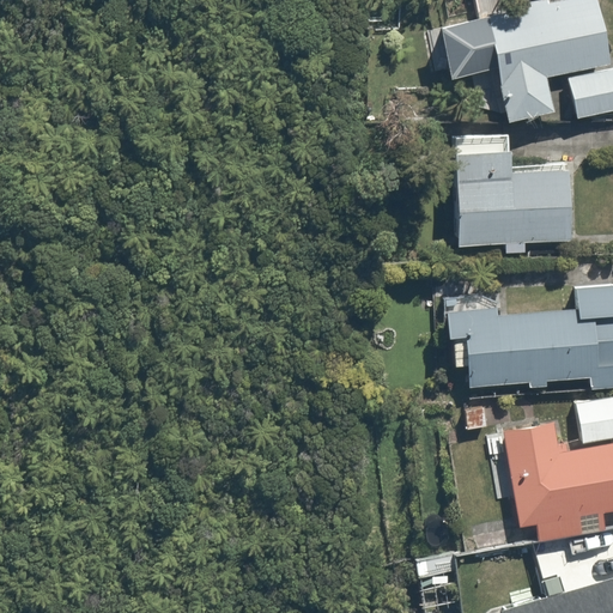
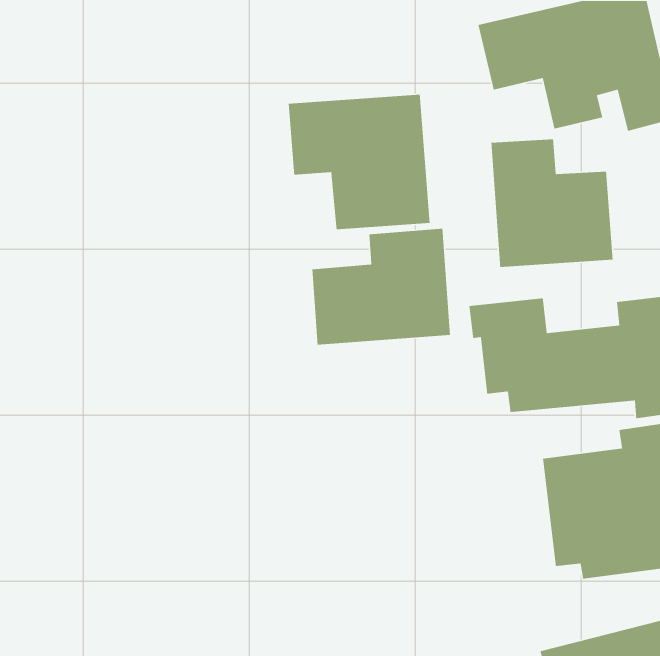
building: none -> [288,94,430,230]
building: none -> [311,228,451,346]

